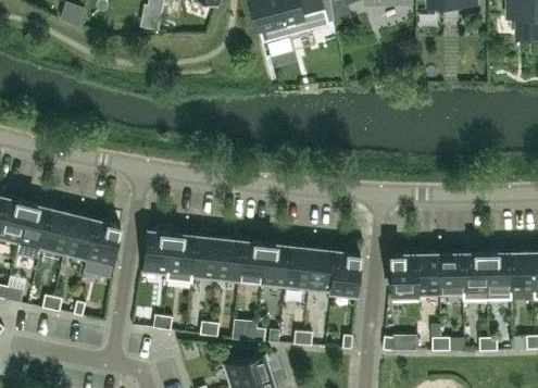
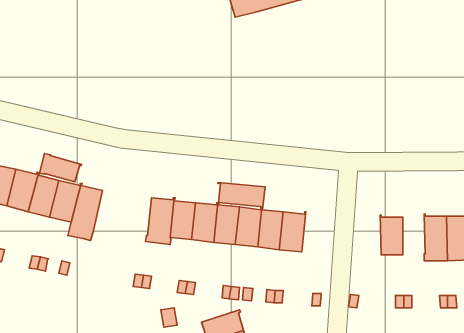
building: none -> [39,153,82,182]
building: none -> [218,183,265,207]
building: [145,231,173,274] -> none
building: [333,249,361,293] -> none
building: [440,251,464,295] -> none
building: [392,252,418,302] -> none

